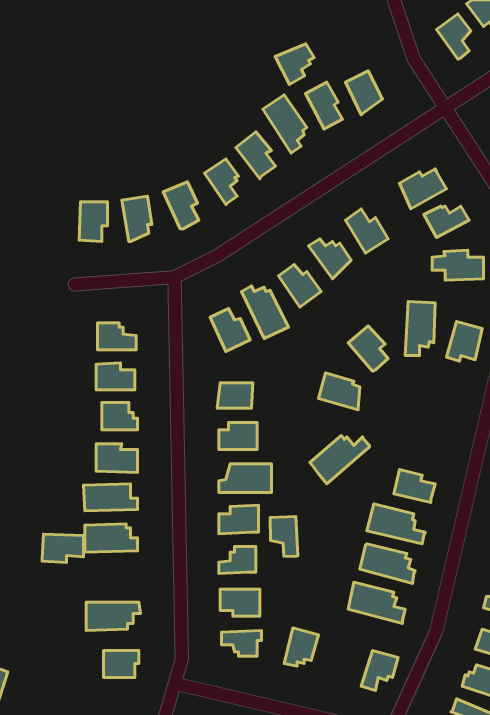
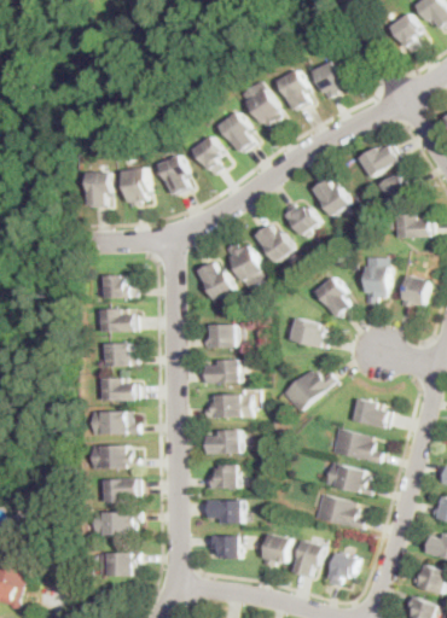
building: [275,44,314,84] -> none
building: [270,516,298,557] -> none
building: [42,534,83,562] -> [103,478,138,502]
building: none -> [291,540,323,578]

